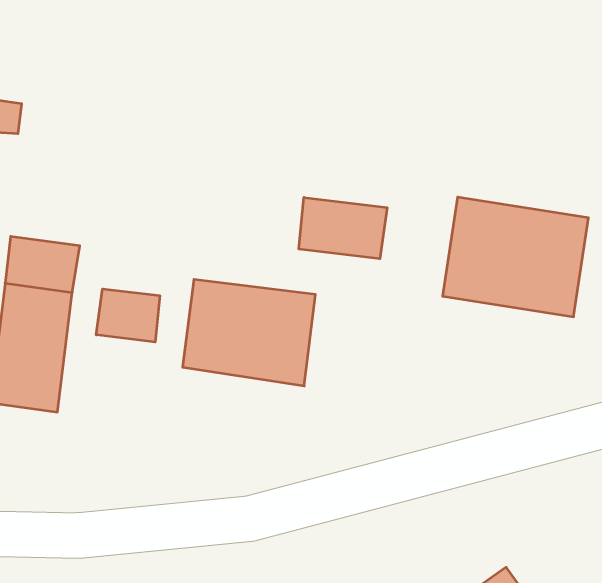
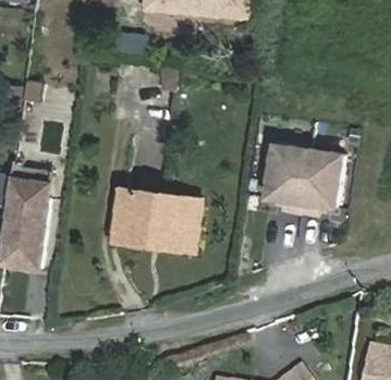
building: [299,197,387,259] -> none
building: [96,289,160,342] -> none

